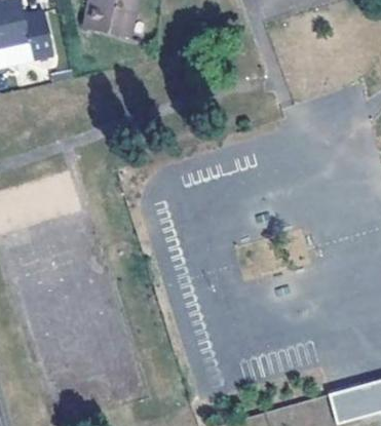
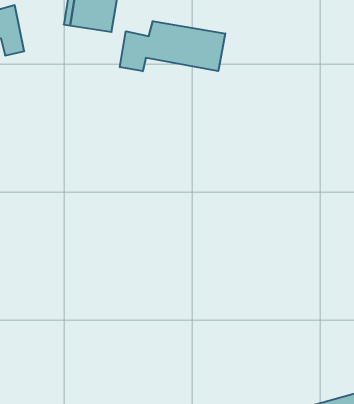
building: none -> [120,21,225,71]

